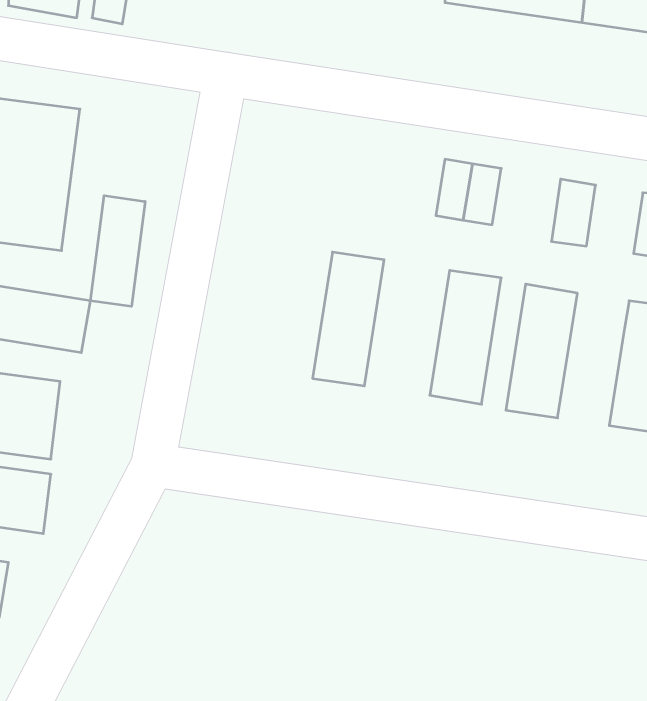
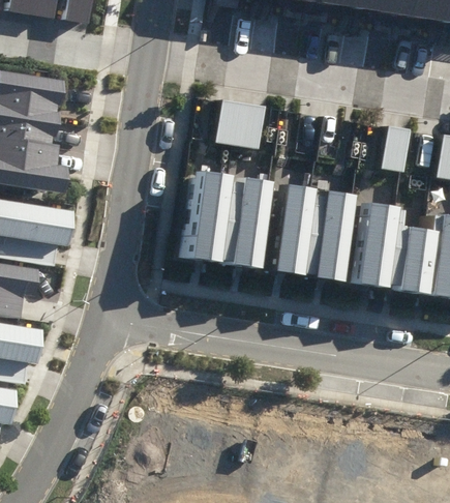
building: none -> [218,101,264,148]
building: [91,196,145,306] -> none
building: none -> [183,171,232,262]
building: none -> [263,183,311,273]
building: none -> [385,223,430,294]

